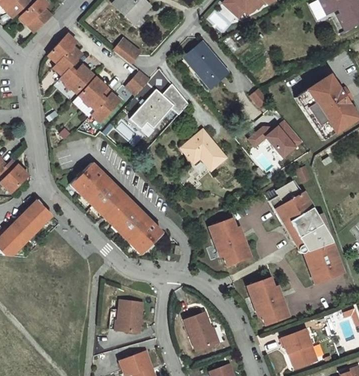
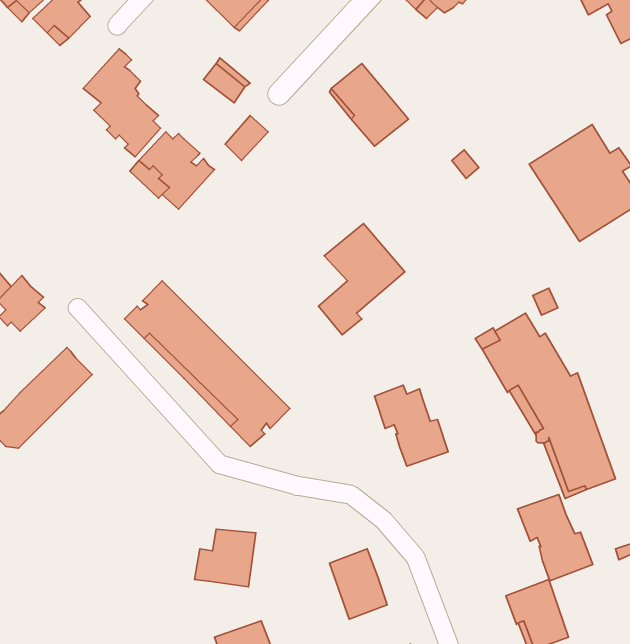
building: [130,83,189,128] -> none
building: [248,119,302,156] -> none
building: [247,277,289,325] -> [517,494,593,581]

